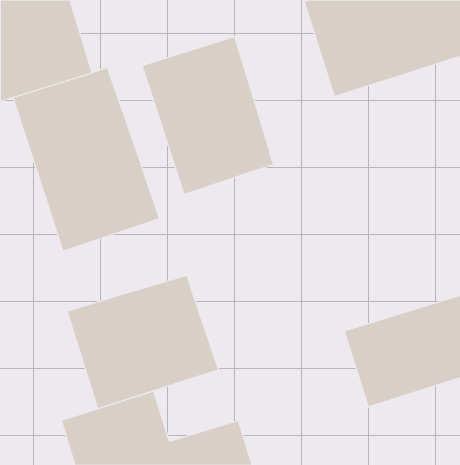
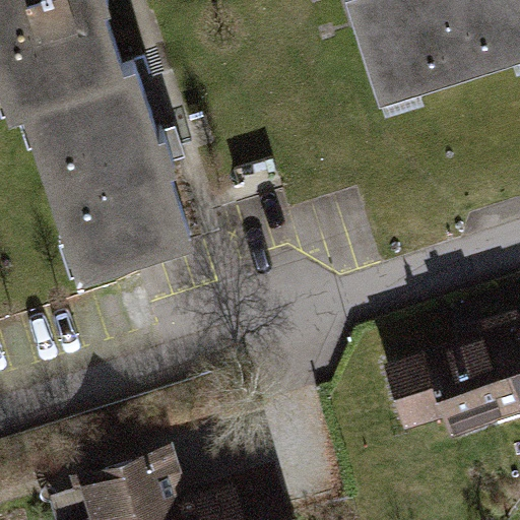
building: [142,37,274,195] -> none
building: [67,275,218,409] -> none

